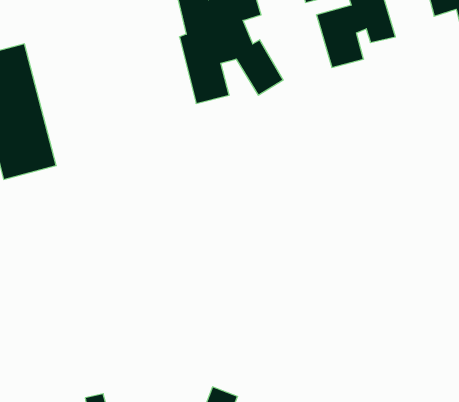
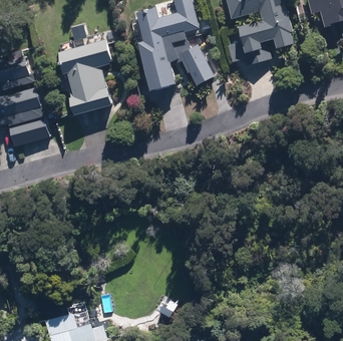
building: none -> [57,40,112,114]

